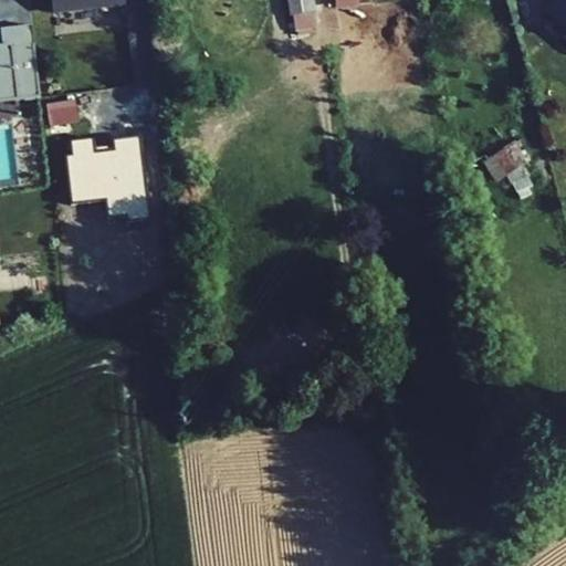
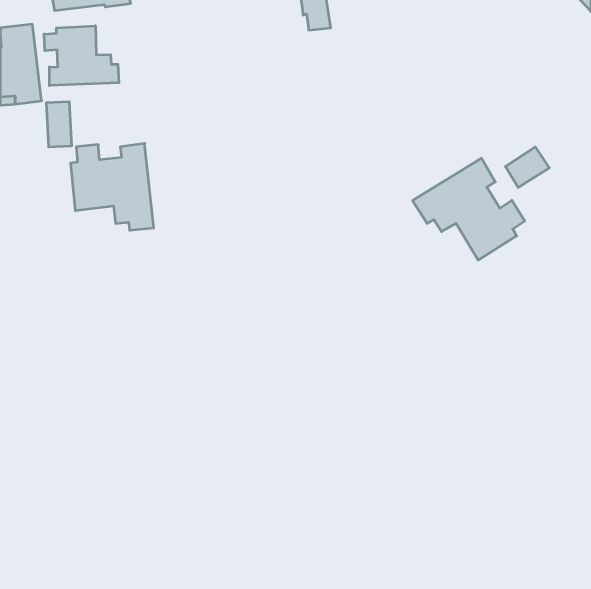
building: none -> [44,26,119,86]
building: none -> [413,158,525,260]

